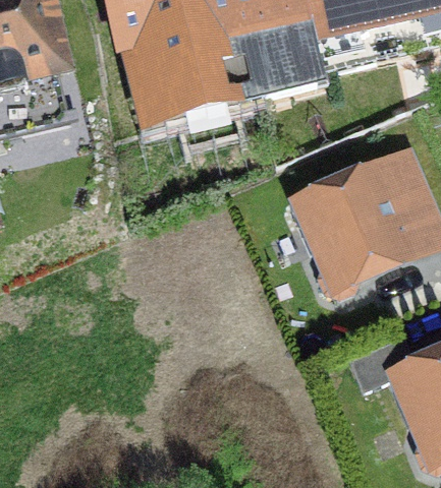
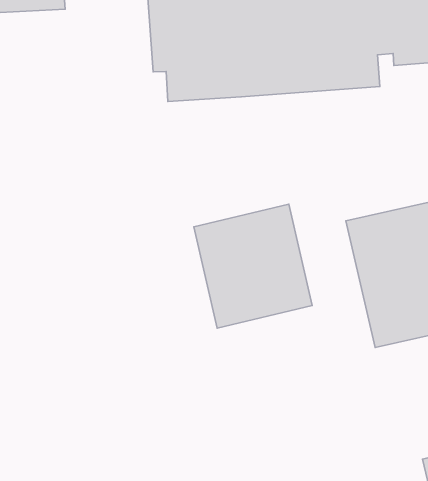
building: none -> [194,204,312,328]

